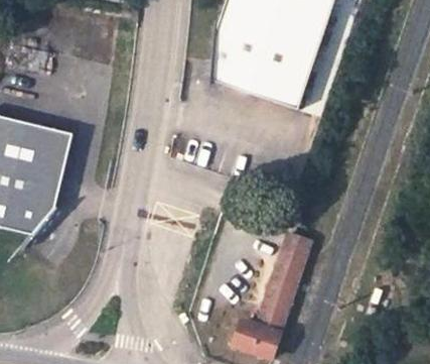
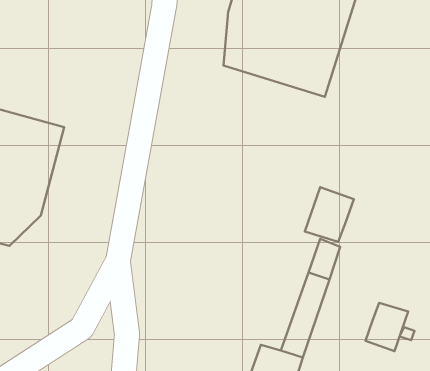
building: none -> [305,187,354,242]
building: none -> [365,303,408,351]

